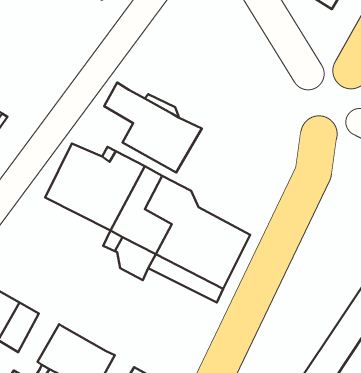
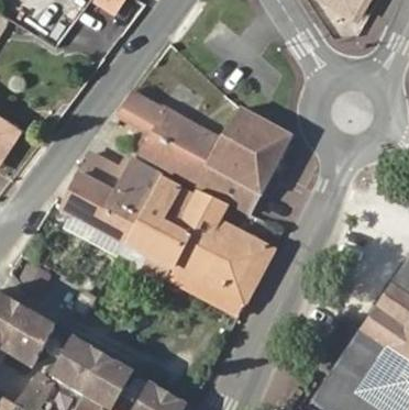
building: none -> [195,109,290,215]

